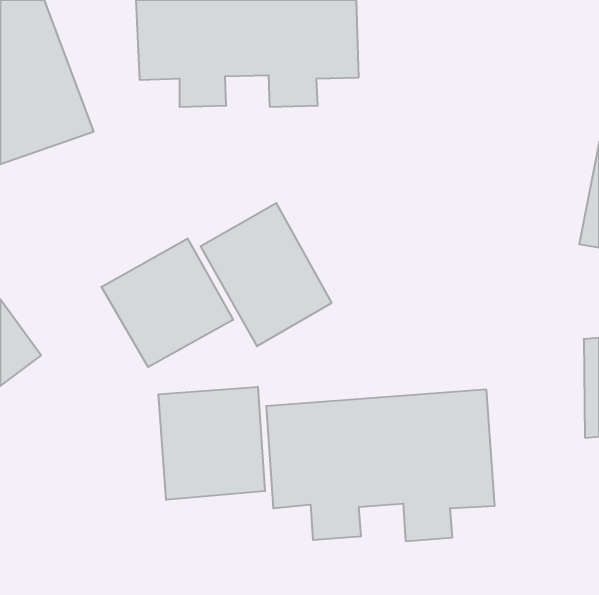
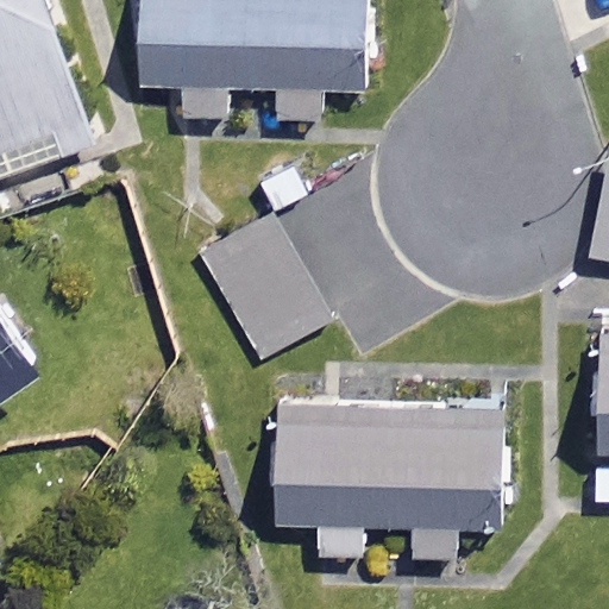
building: [101,238,233,367] -> none
building: [158,387,265,500] -> none

